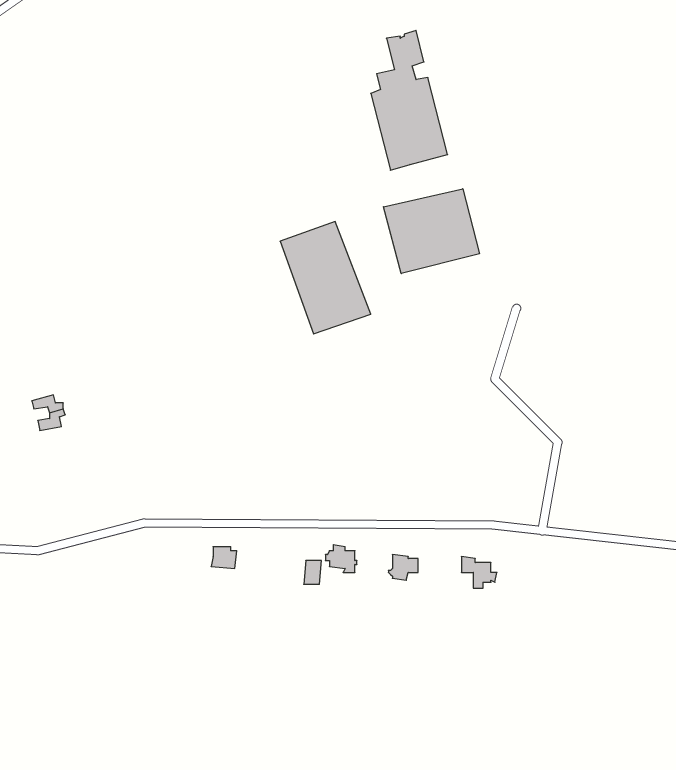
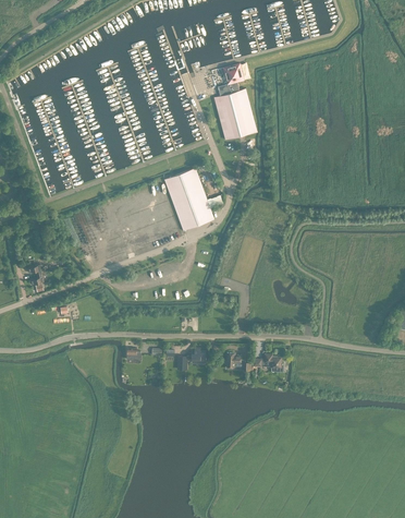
building: [383,189,479,274] -> none

